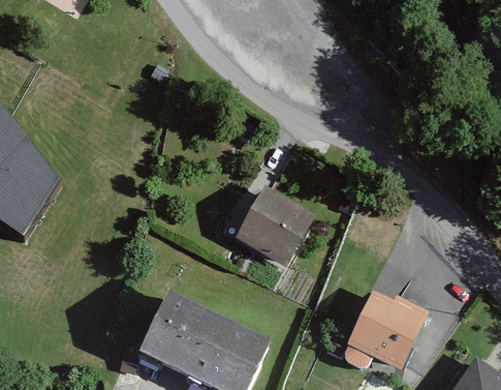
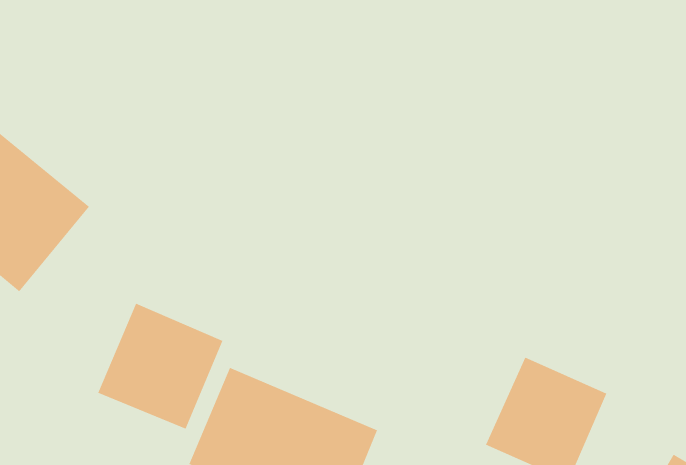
building: [233,183,316,262] -> none
building: none -> [98,303,223,430]

